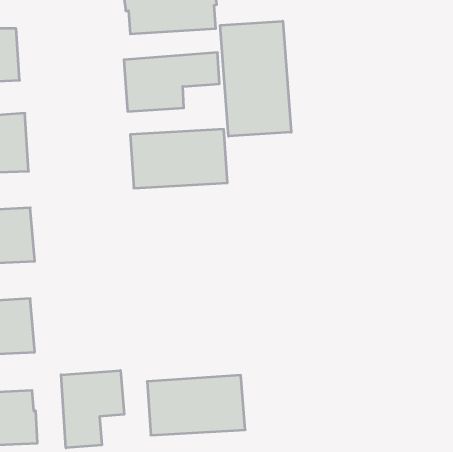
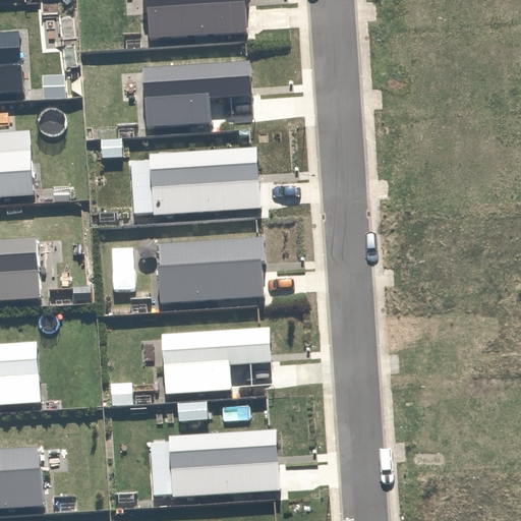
building: [220,21,291,136] -> none
building: none -> [157,236,265,303]
building: none -> [161,327,271,394]
building: [61,370,124,448] -> none

